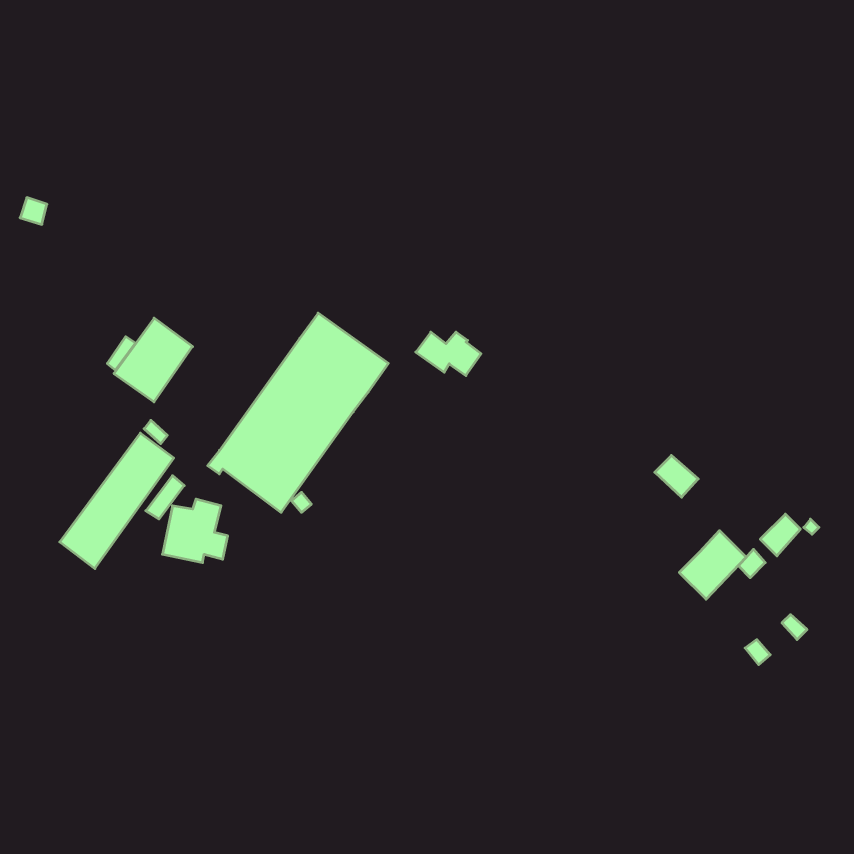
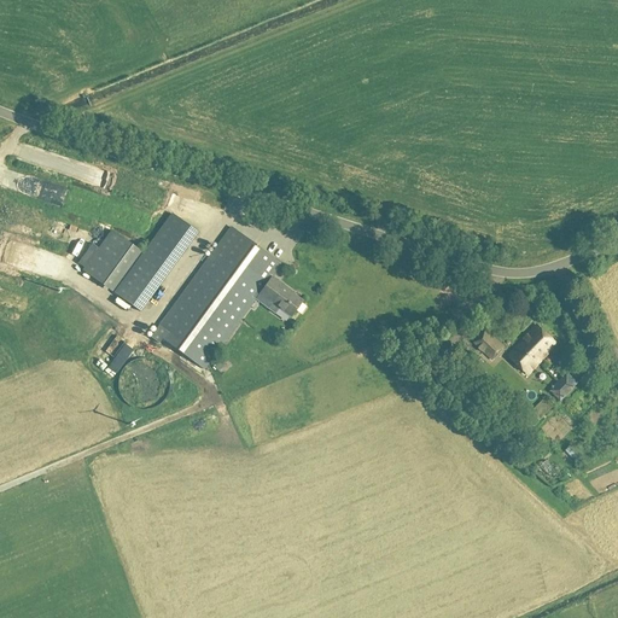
building: [416,332,481,376] -> [255,282,302,314]
building: [60,433,174,569] -> [115,214,197,311]
building: [679,531,746,599] -> [507,323,555,373]

